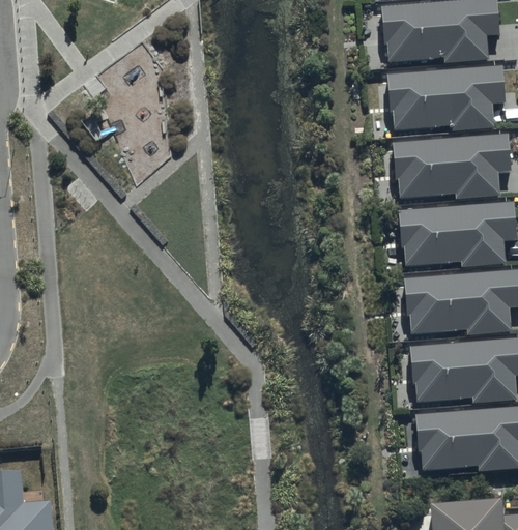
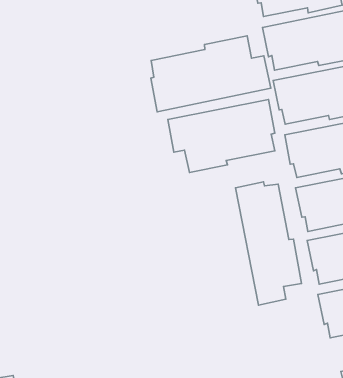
building: none -> [151,36,271,112]
building: none -> [168,100,275,172]
building: none -> [236,182,302,305]

